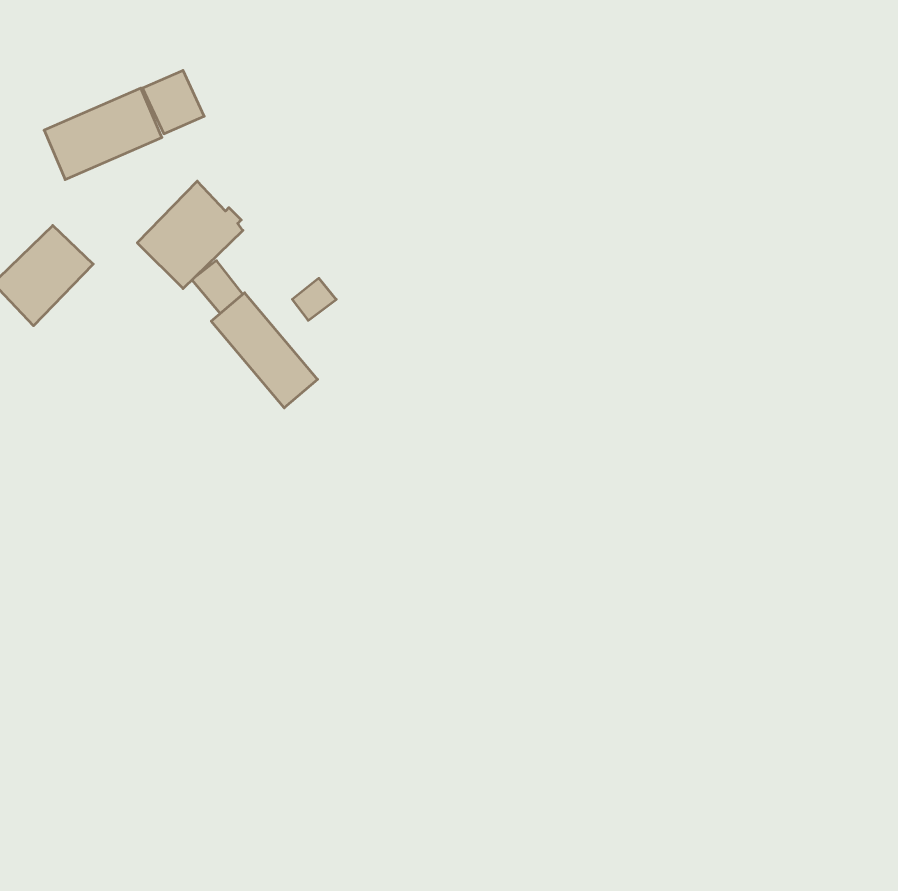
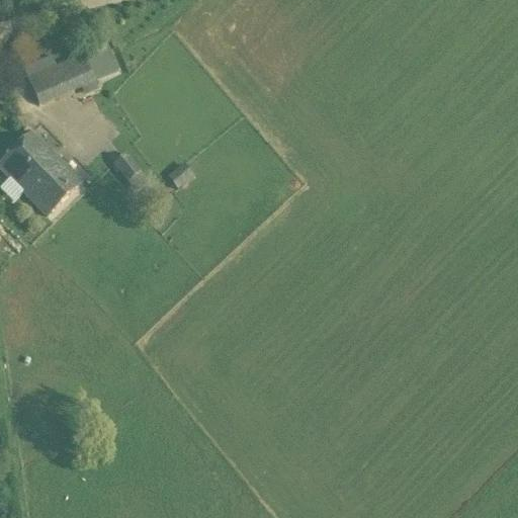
building: [137,181,243,289] -> [19,152,80,213]
building: [211,293,318,408] -> none

